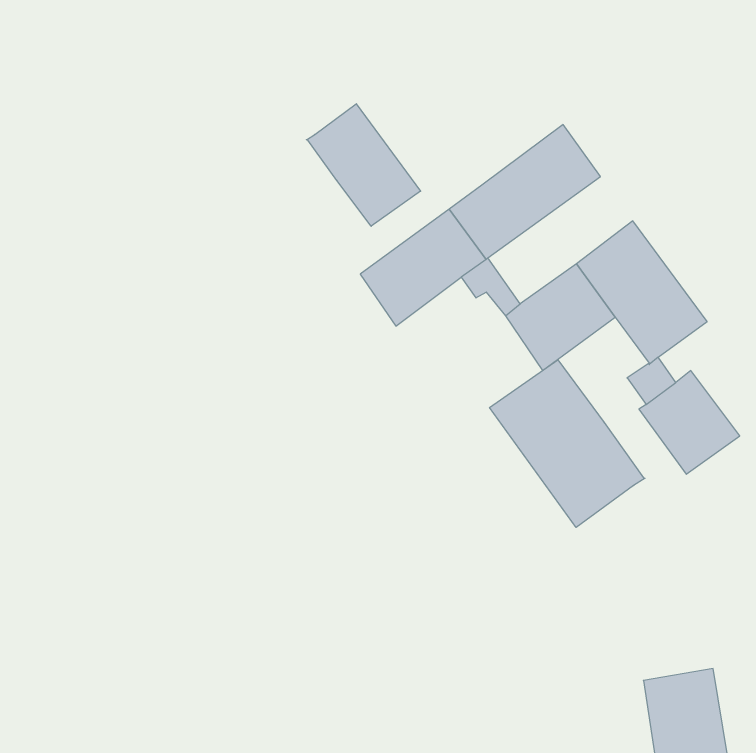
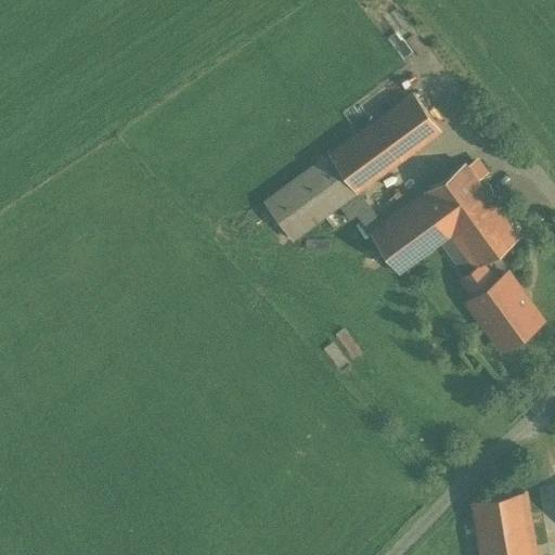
building: [306,104,421,226] -> none
building: [490,360,645,527] -> none

